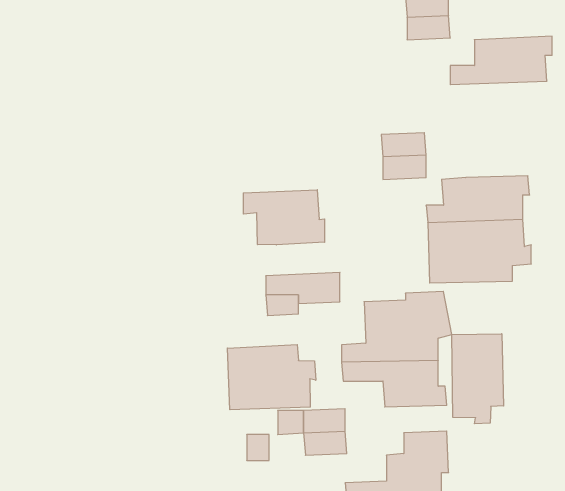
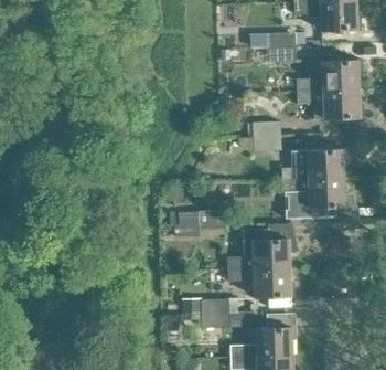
building: none -> [296,88,363,118]
building: [243,190,325,245] -> none
building: [452,334,504,424] -> none
building: [227,345,316,410] -> none

